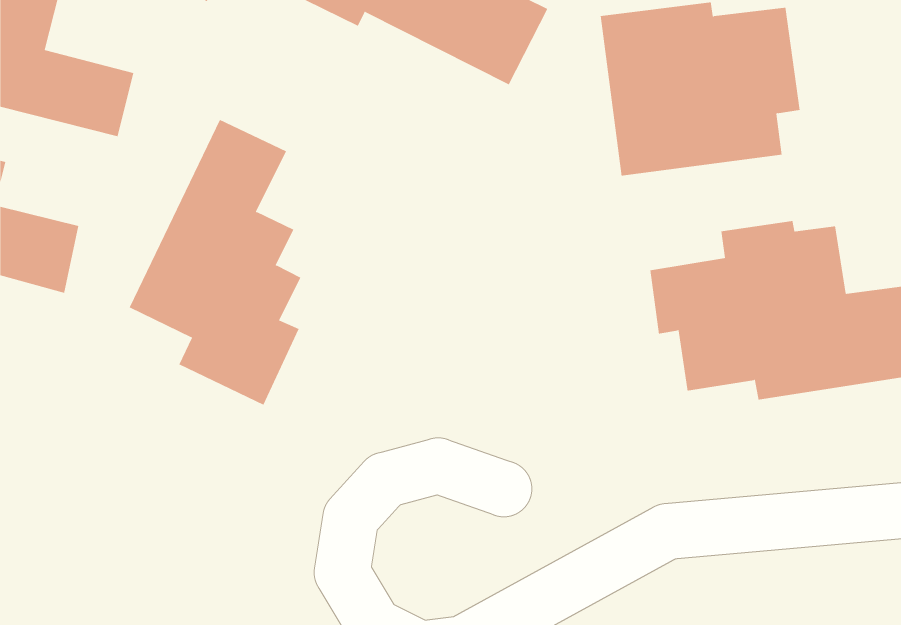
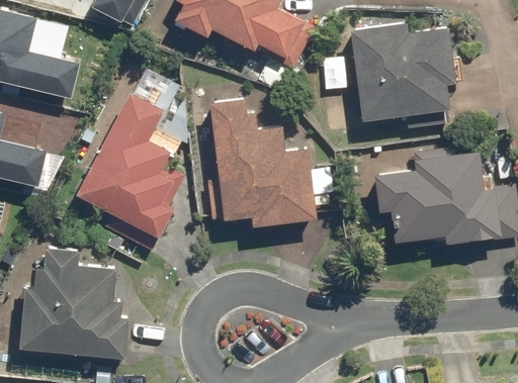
building: none -> [207,98,318,229]
building: none -> [18,248,130,360]

